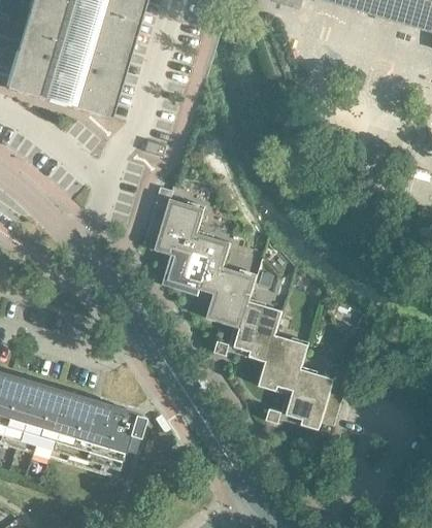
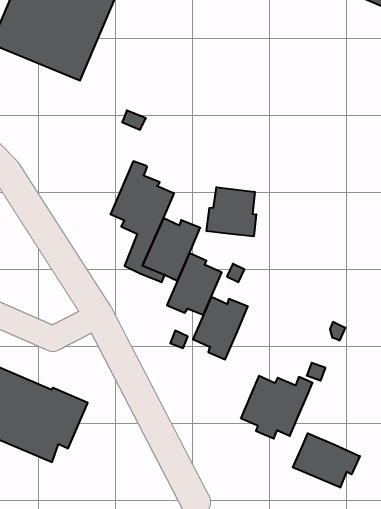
building: none -> [207,187,256,236]
building: [261,332,308,388] -> none
building: none -> [293,433,360,488]

